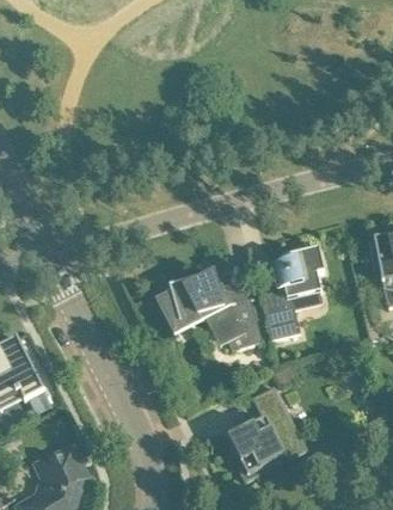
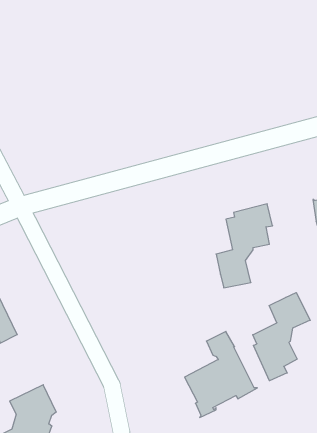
building: [154,270,260,348] -> none
building: none -> [253,293,310,381]

